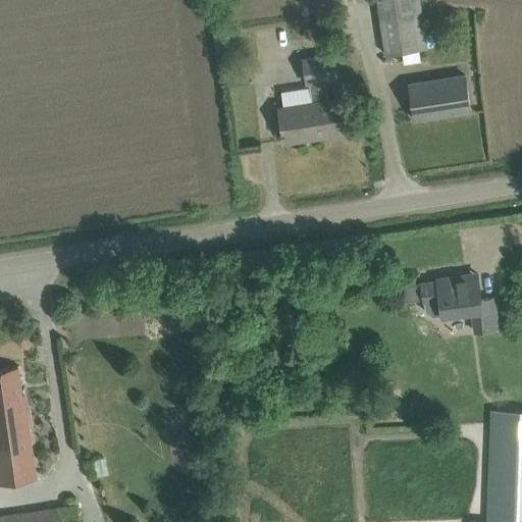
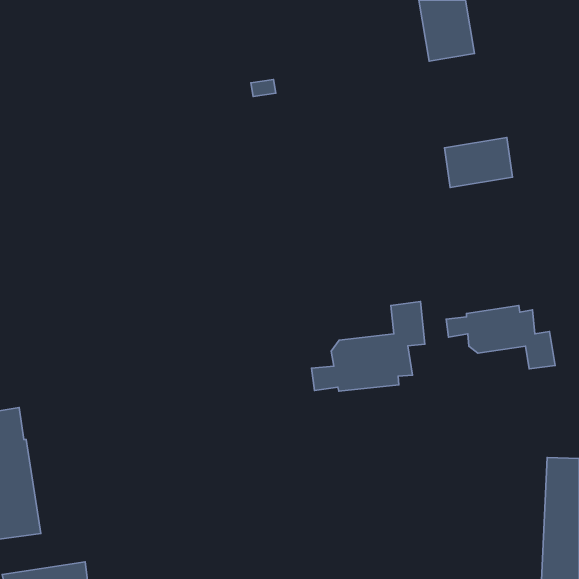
building: [279,55,344,141] -> none
building: [409,75,470,120] -> [445,138,513,187]
building: none -> [311,302,425,391]

